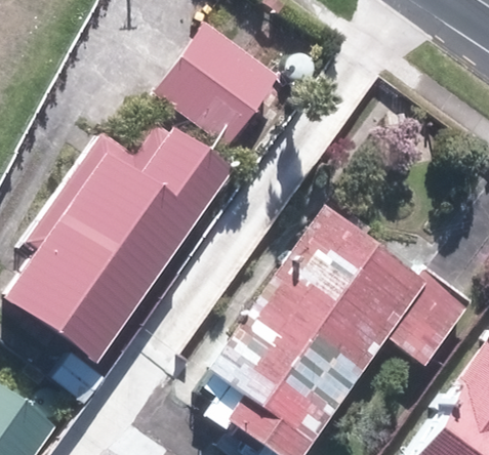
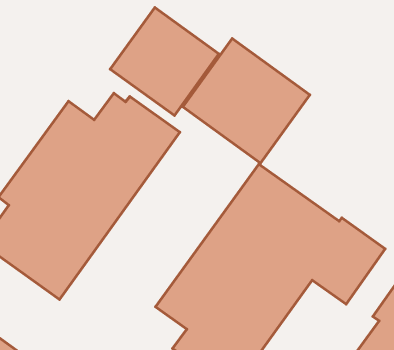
building: none -> [183,39,310,163]

